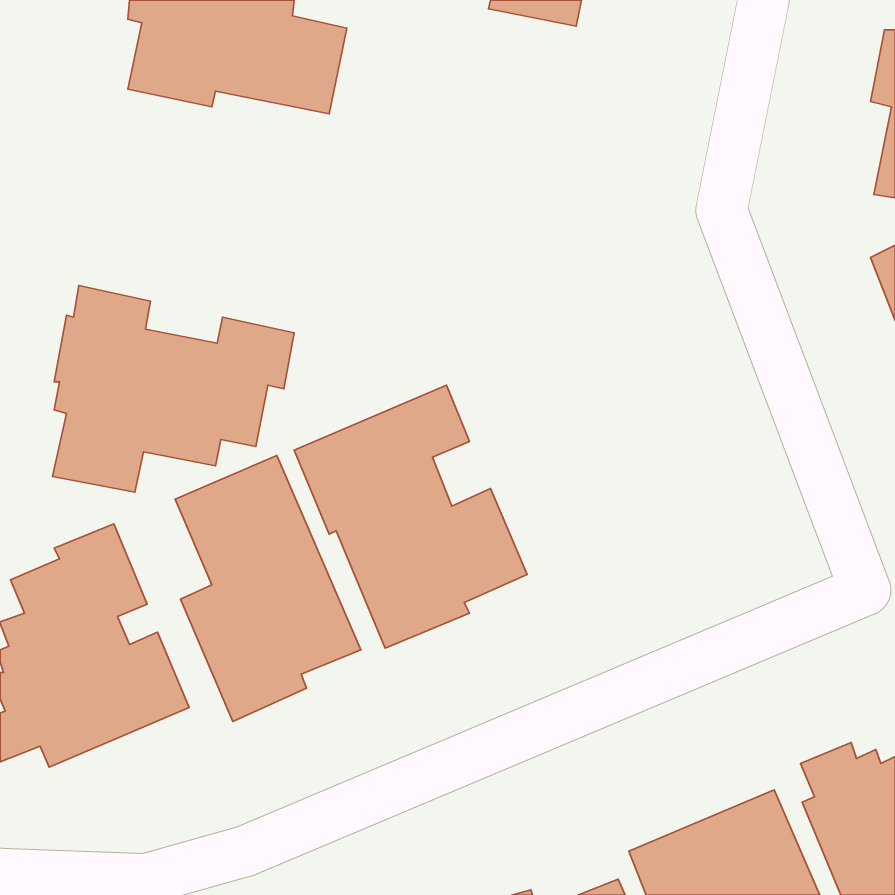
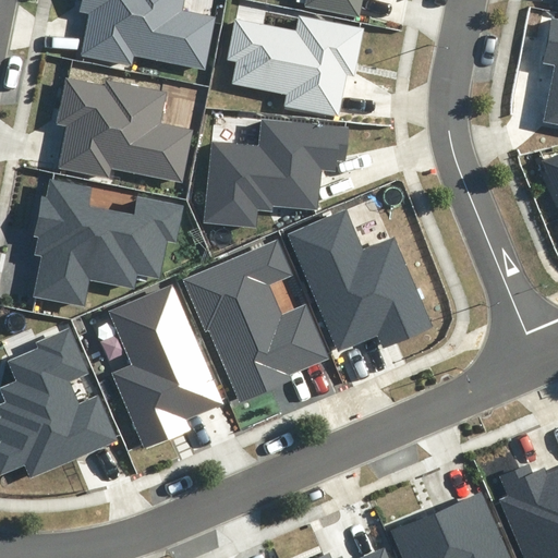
building: none -> [227,14,364,116]
building: none -> [57,77,194,183]
building: none -> [203,119,348,229]
building: none -> [288,209,433,351]

